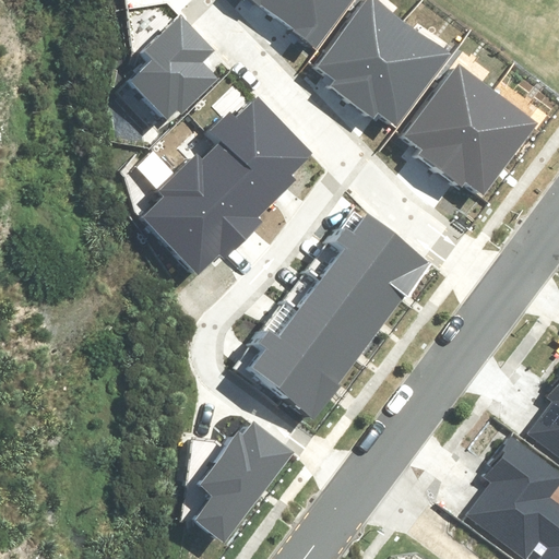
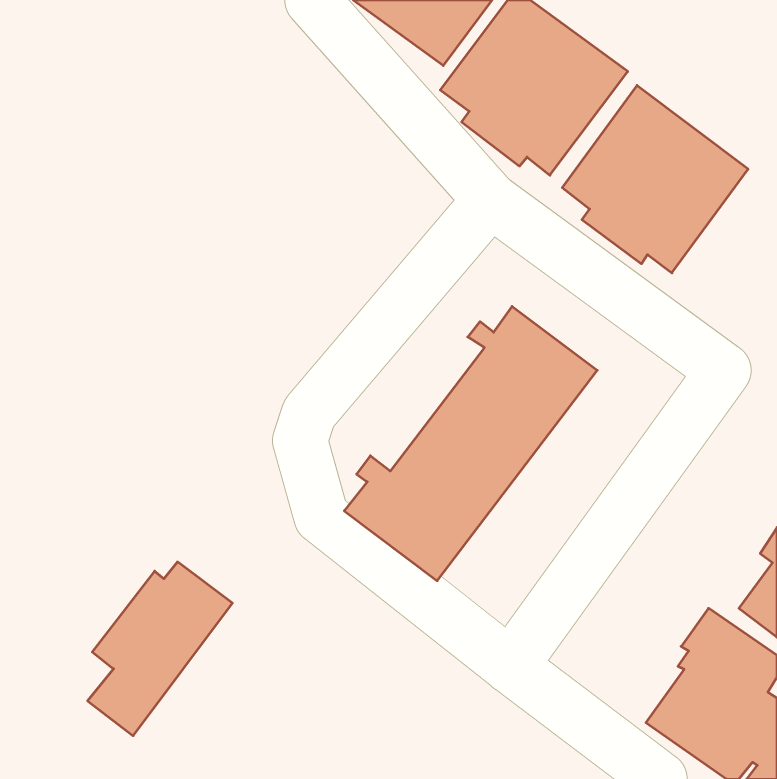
building: [133,20,218,117] -> none
building: [142,95,313,273] -> none
building: [190,421,294,546] -> [88,562,232,736]

